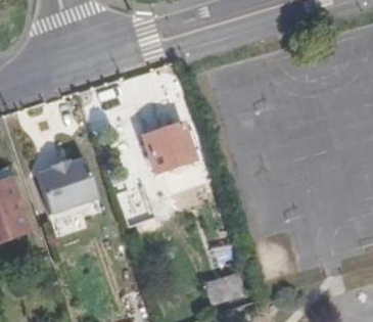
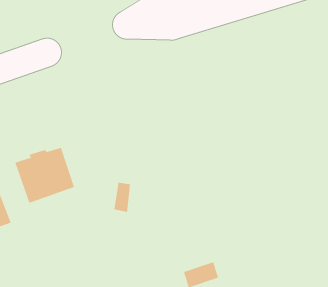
building: [144,124,195,175] -> none

